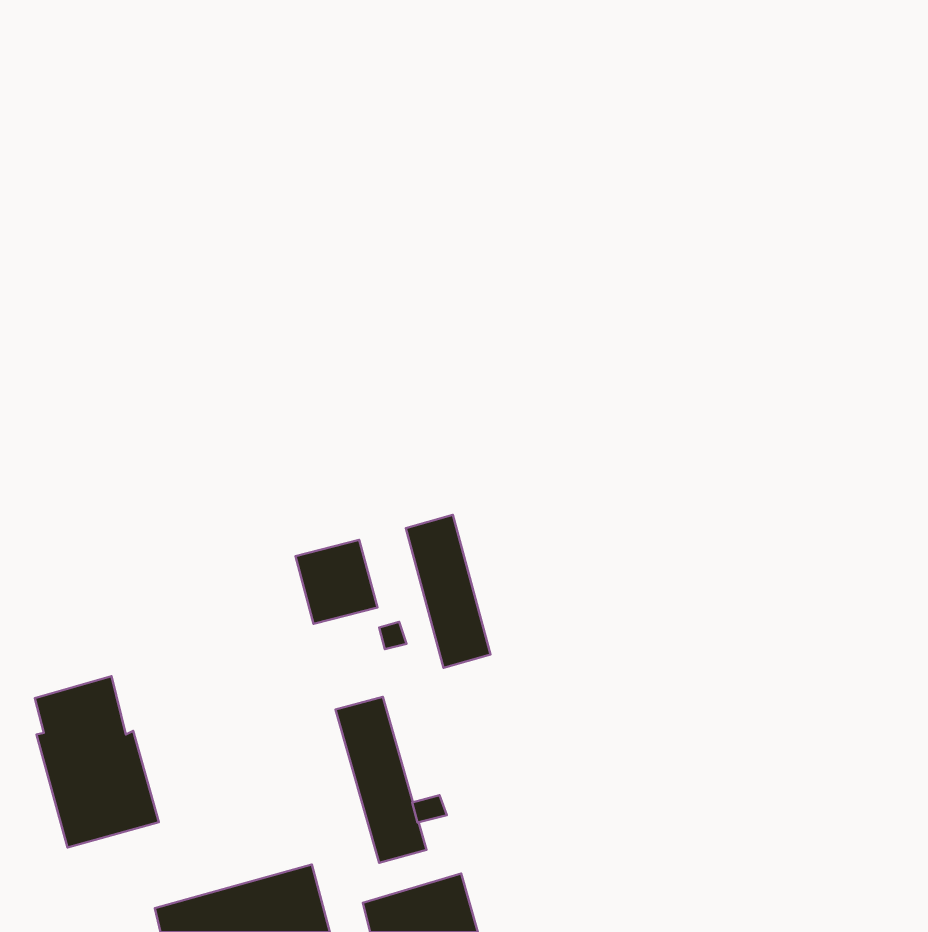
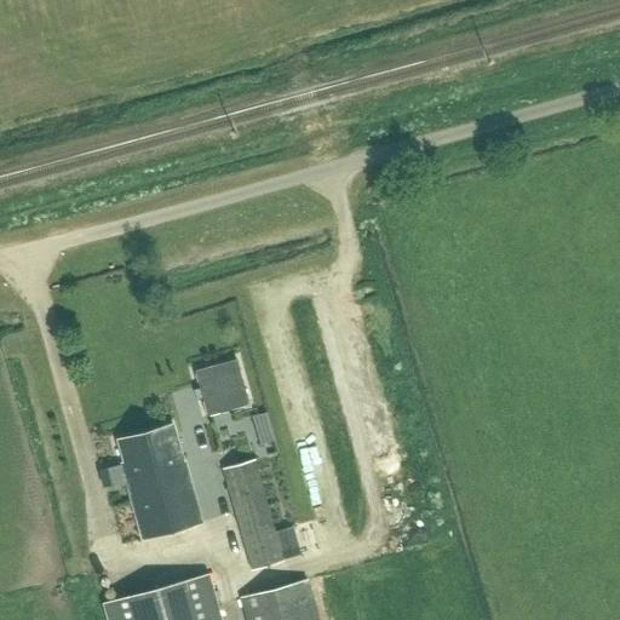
building: [406,515,491,668] -> none
building: [35,676,159,848] -> [117,426,200,540]

